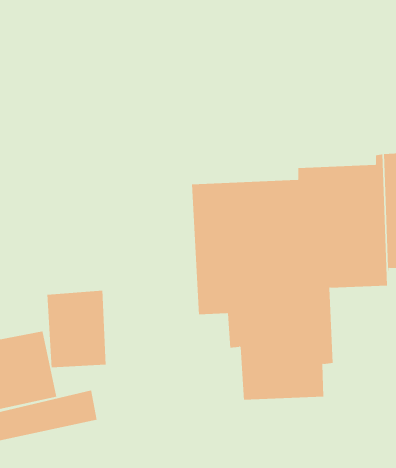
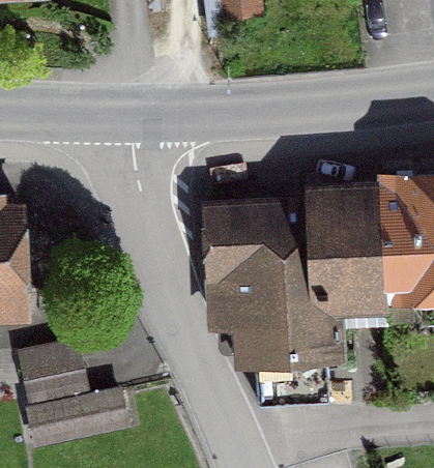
building: [47,290,106,368] -> none

